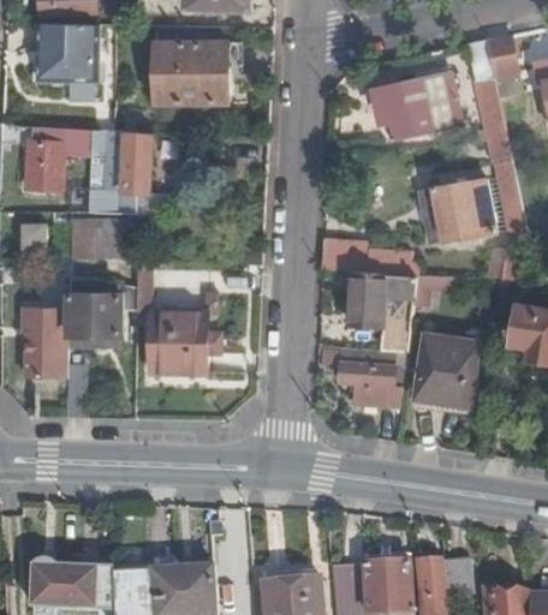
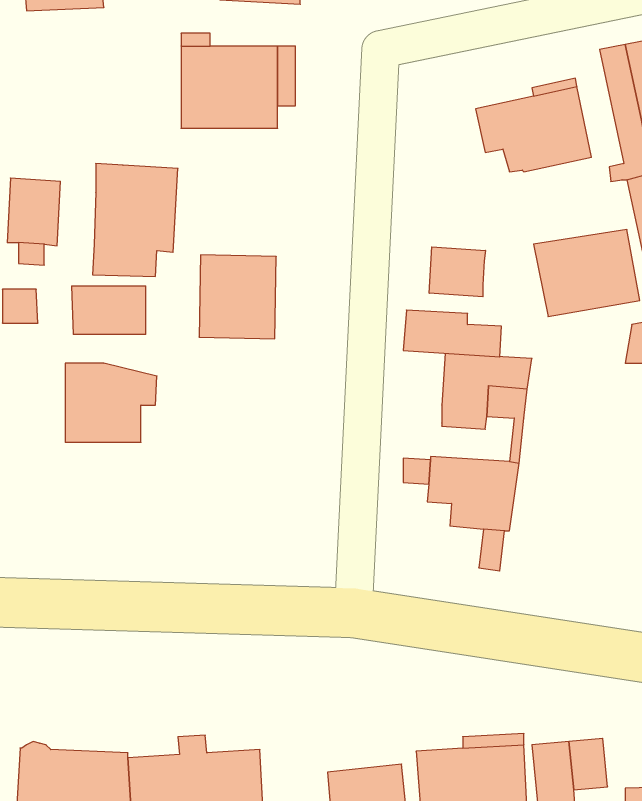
building: [36,24,99,82] -> none
building: none -> [429,247,485,297]
building: [24,308,67,378] -> none
building: [149,311,207,374] -> [199,255,276,339]
building: [416,335,477,406] -> none

